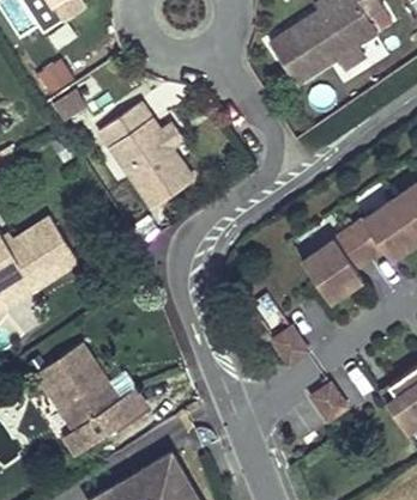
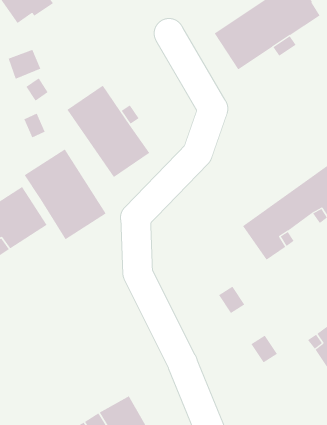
building: none -> [24,148,106,240]
building: [37,342,149,455] -> none

